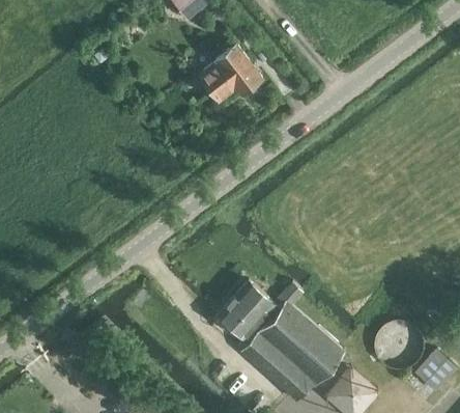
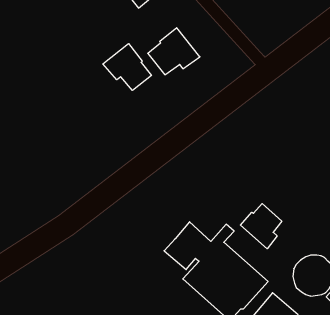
building: none -> [103,44,151,90]
building: none -> [240,204,282,249]

